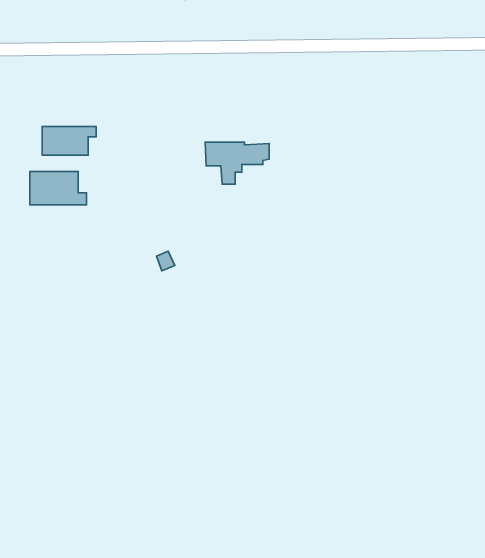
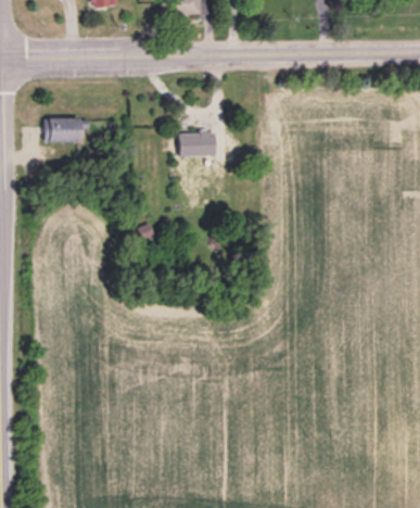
building: [30,172,86,205] -> none

